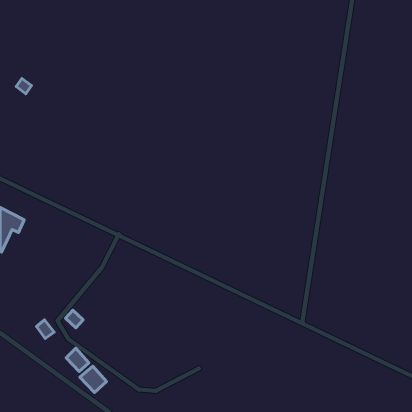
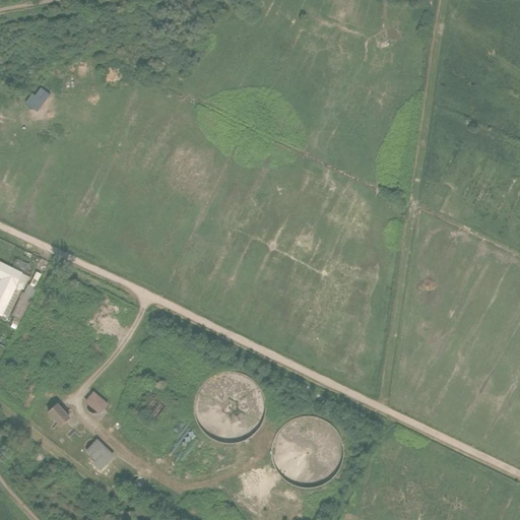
building: [80,366,106,392] -> none

